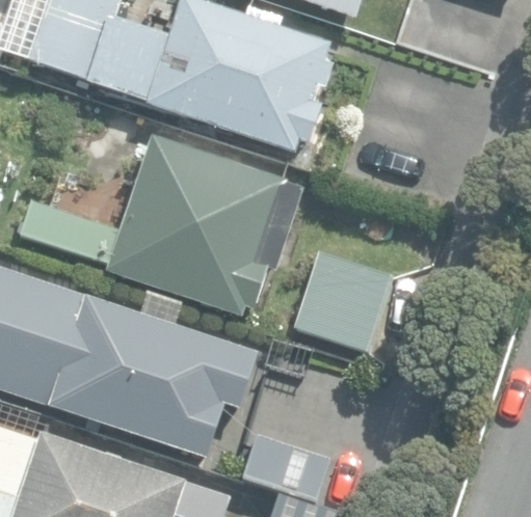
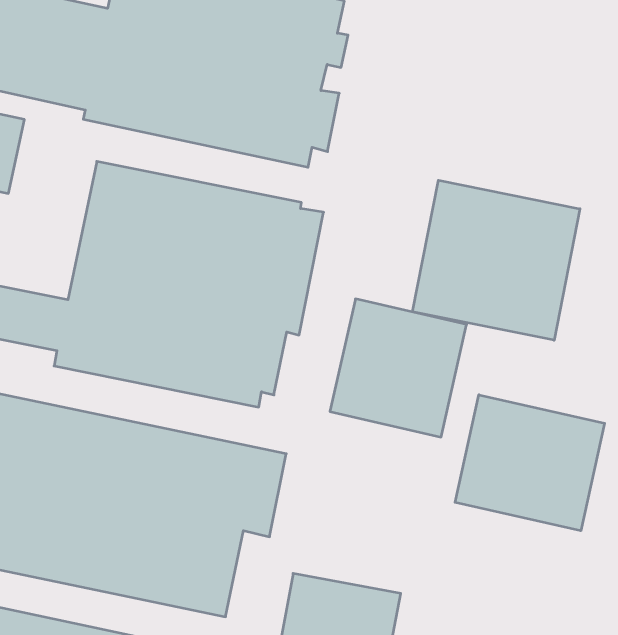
building: none -> [413,180,580,340]
building: none -> [455,395,605,531]

